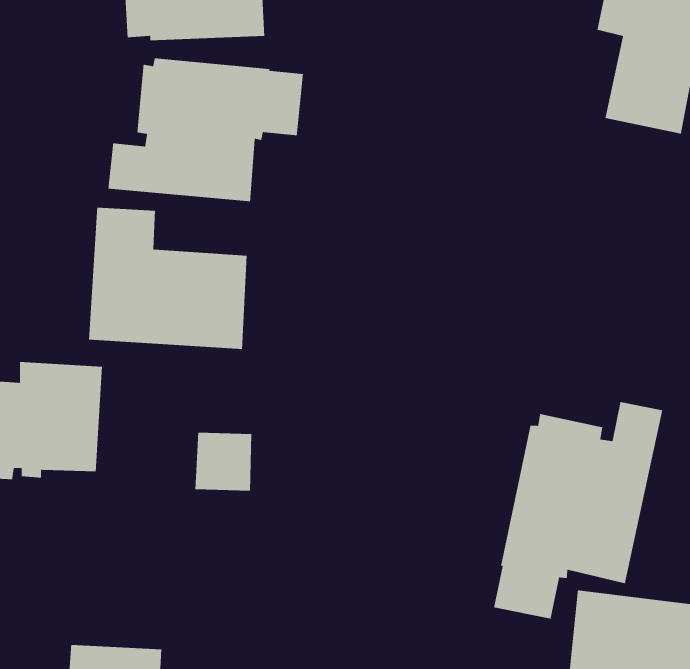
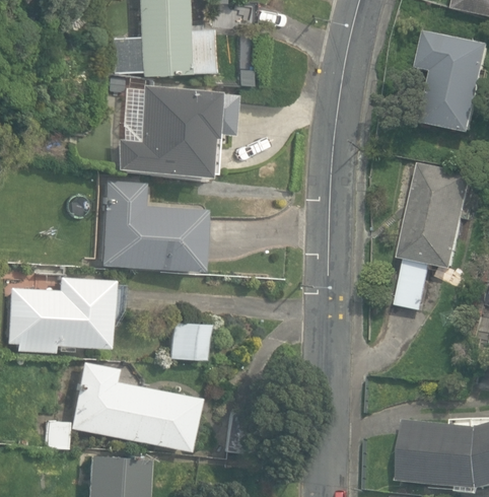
building: none -> [400,165,475,310]
building: [493,401,663,619] -> none
building: none -> [70,362,197,449]

